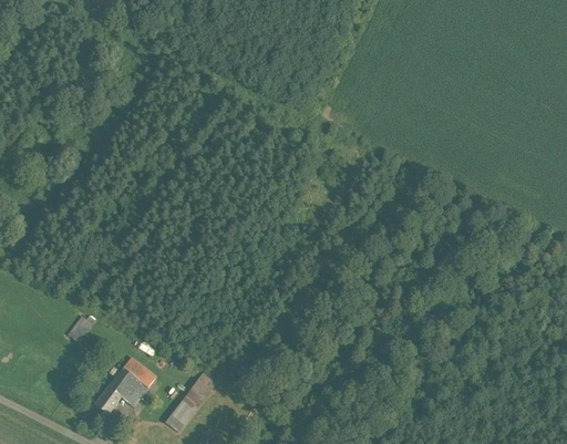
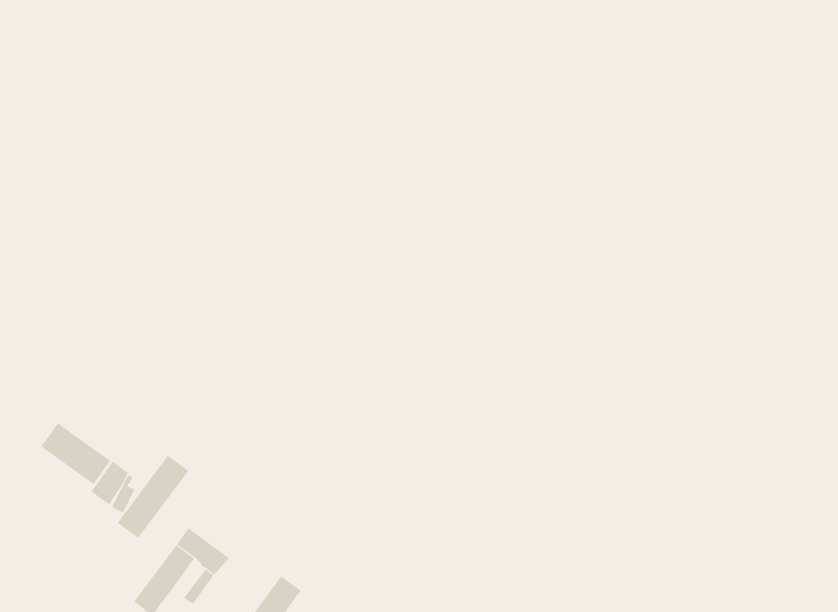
building: none -> [41,422,111,485]
building: none -> [117,455,189,539]

